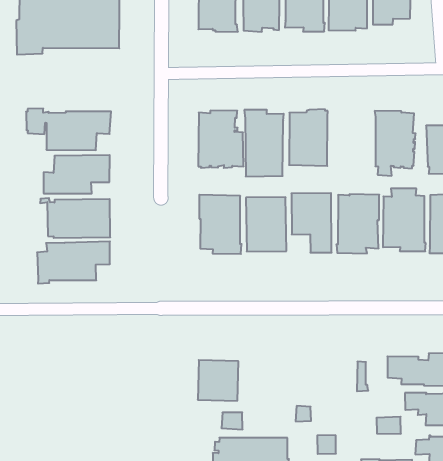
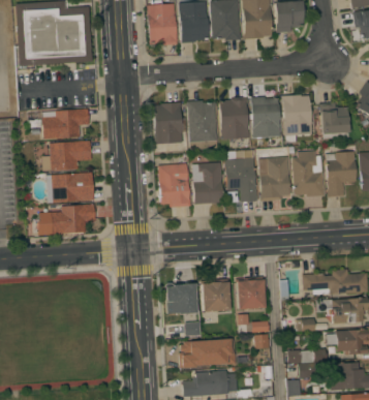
building: none -> [251,95,280,136]
building: none -> [201,278,229,311]
building: none -> [236,278,265,311]

